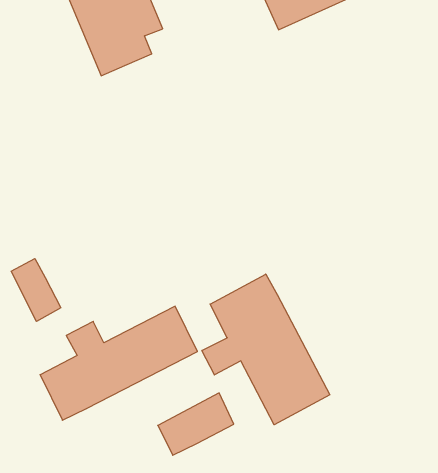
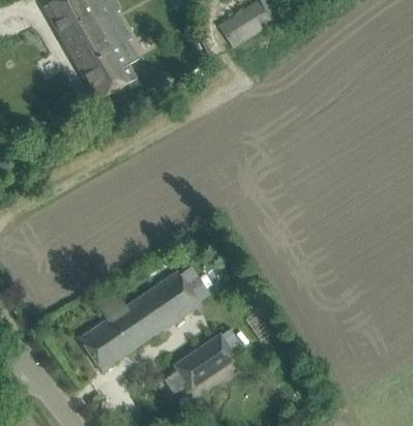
building: [11,259,61,321] -> none
building: [202,274,330,425] -> none

